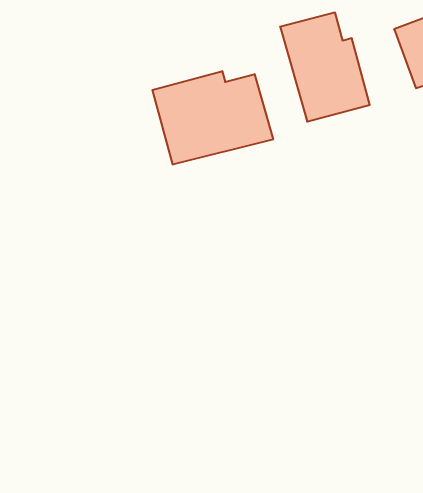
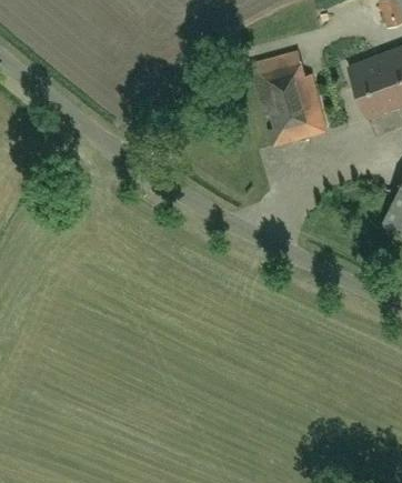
building: [152,71,273,165] -> none

